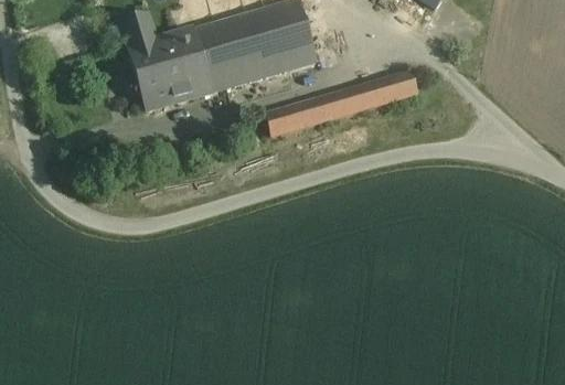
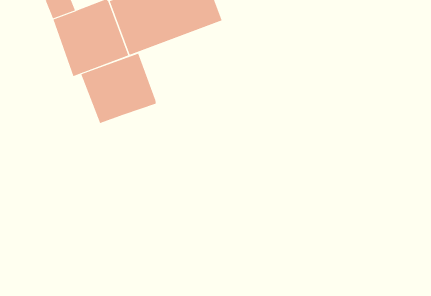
building: [260,66,408,137] -> none
building: none -> [81,53,156,124]

